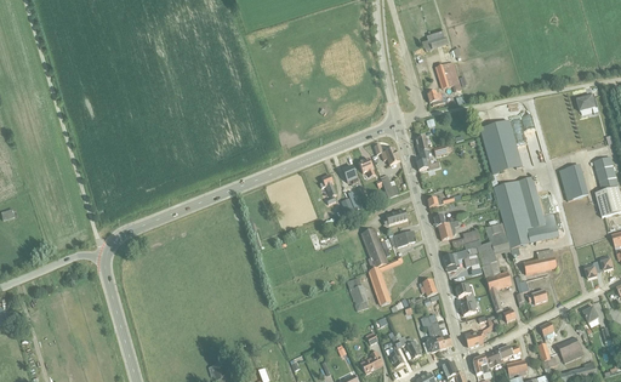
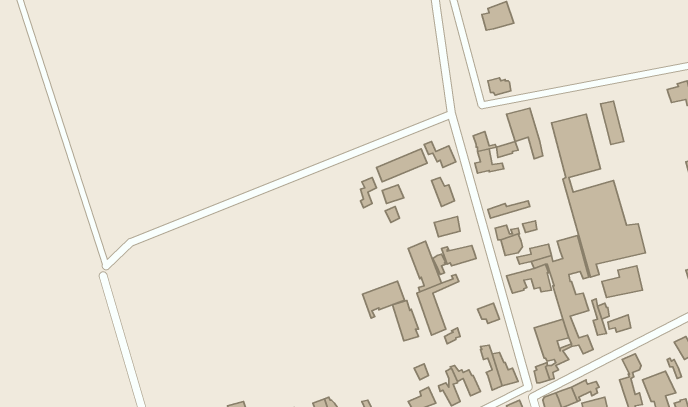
building: [433,61,463,103] -> [507,108,543,159]
building: [558,164,588,200] -> none
building: none -> [363,281,404,318]

